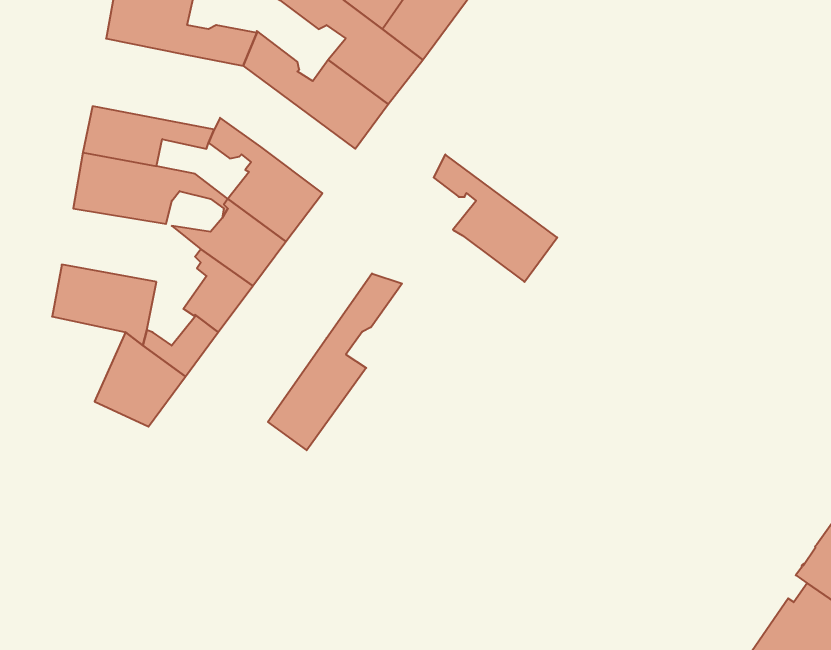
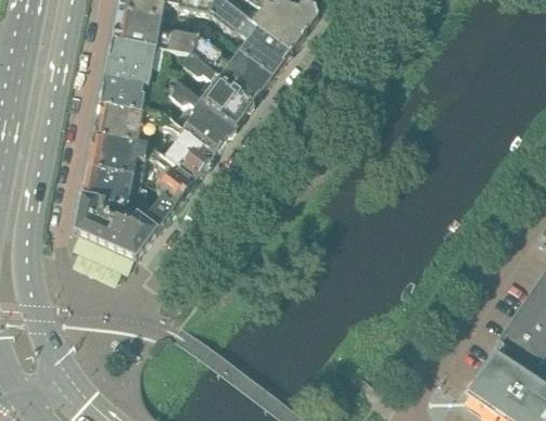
building: none -> [105,37,181,88]
building: [434,154,557,282] -> [183,52,253,124]
building: none -> [88,132,166,174]
building: [268,273,402,450] -> none
building: none -> [76,193,124,241]

